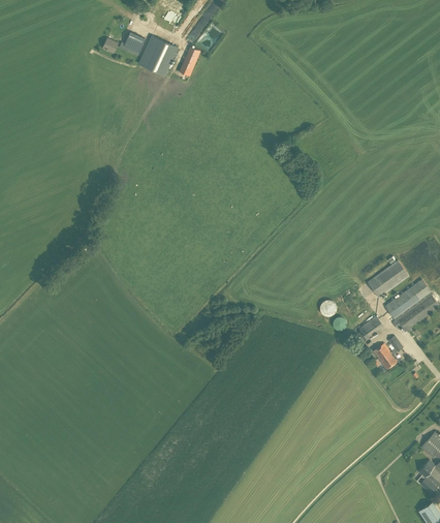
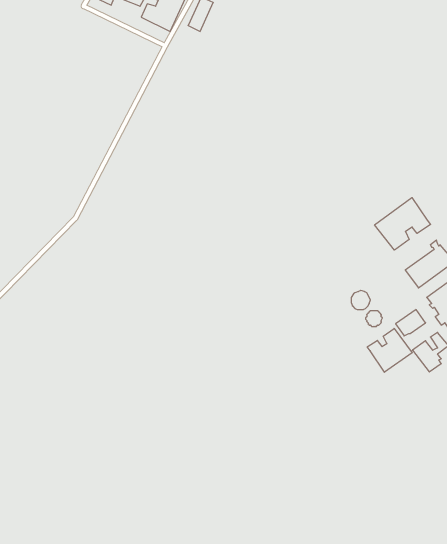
building: none -> [375,198,431,250]
building: none -> [367,328,412,372]

